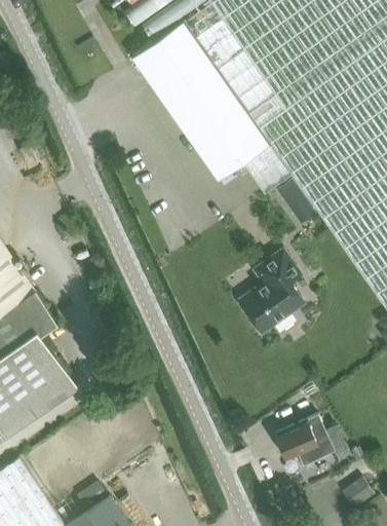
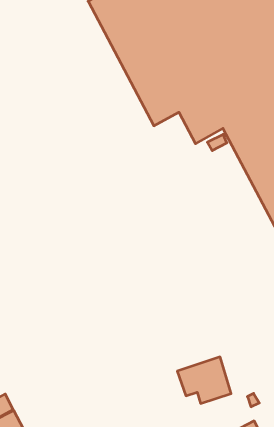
building: [241,252,304,332] -> none

